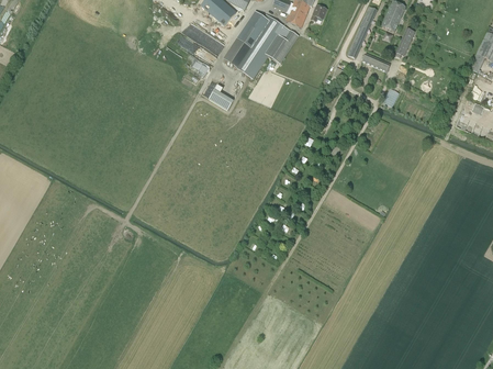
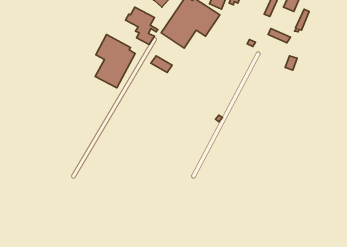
building: none -> [95,35,135,88]

